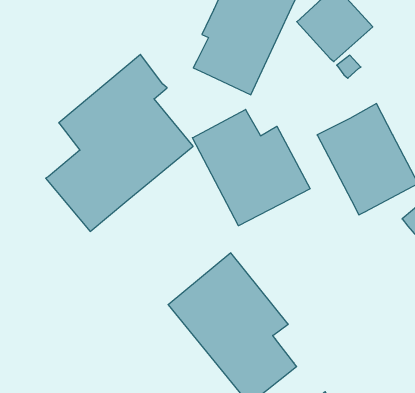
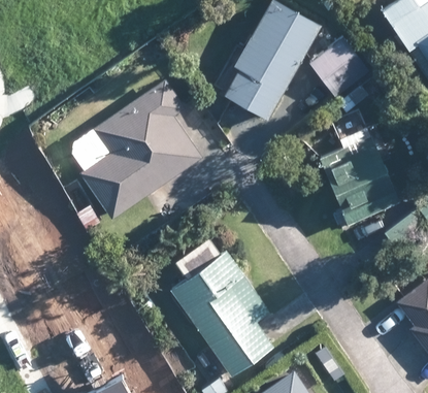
building: [192,109,310,226] -> none

